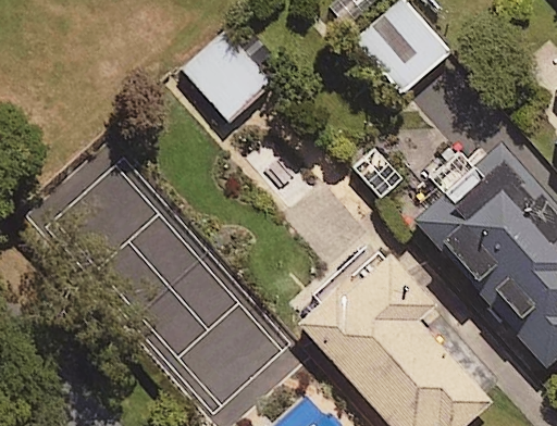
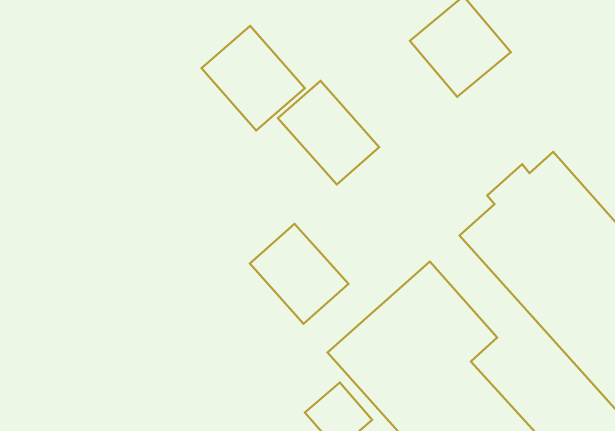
building: none -> [278,81,379,185]
building: none -> [250,224,348,324]

